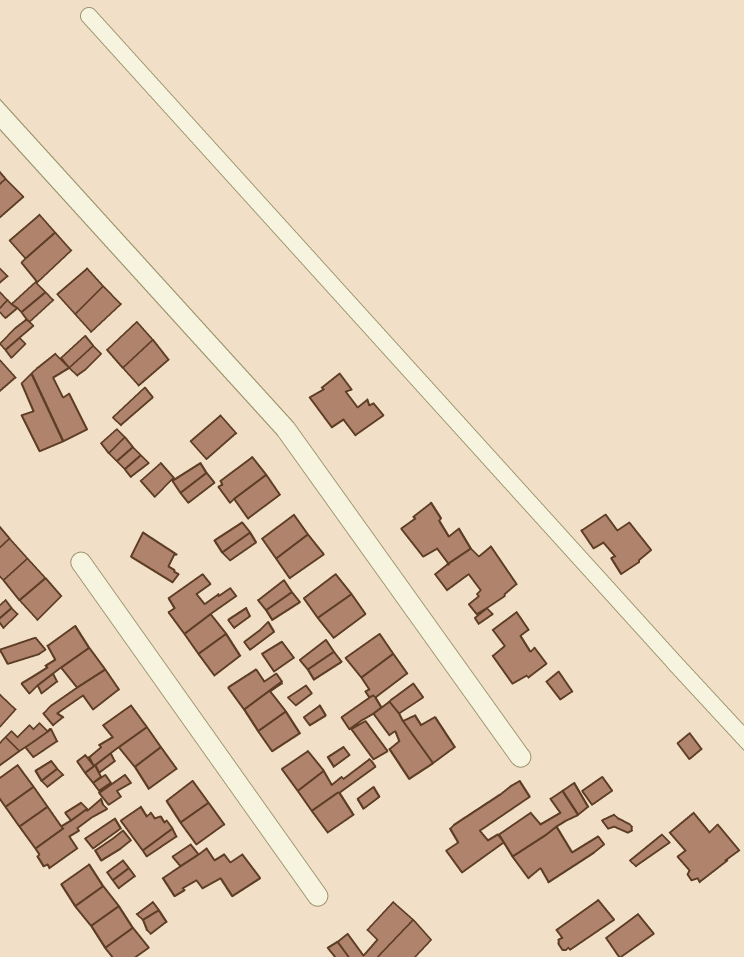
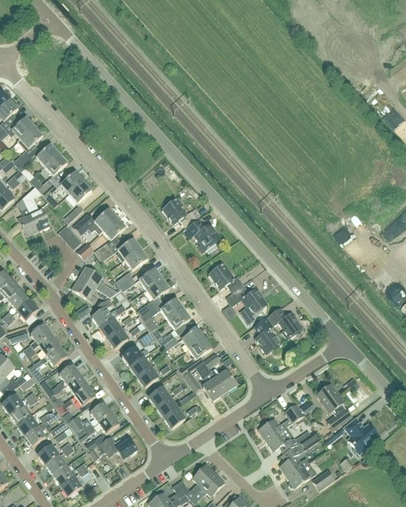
building: none -> [74,209,118,235]
building: none -> [183,218,221,250]
building: none -> [79,266,118,297]
building: [581,515,651,574] -> [267,309,302,339]
building: none -> [317,383,352,429]
building: [446,781,530,872] -> [279,431,321,477]

